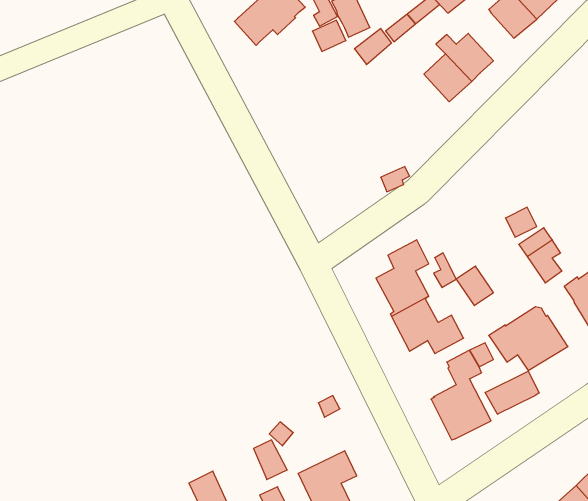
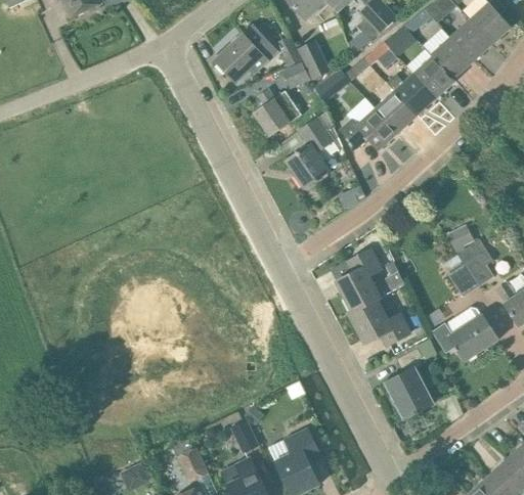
building: none -> [414,55,455,96]
building: none -> [254,88,302,136]
building: none -> [339,107,398,149]
building: none -> [288,119,339,186]
building: [456,266,493,306] -> [448,263,480,297]
building: [485,371,539,414] -> none

